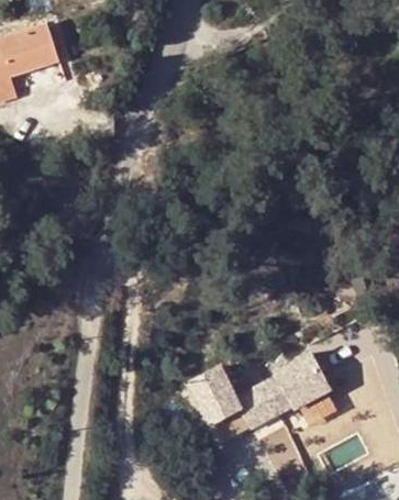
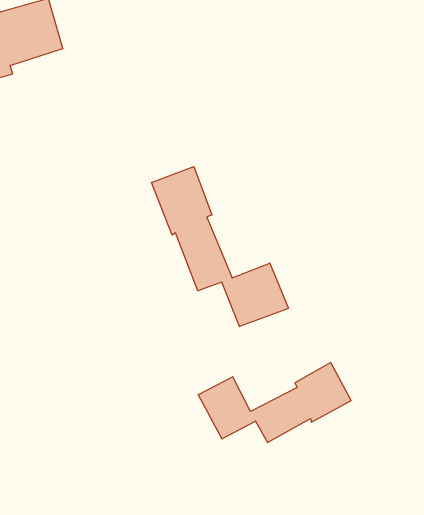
building: none -> [152,167,289,327]

